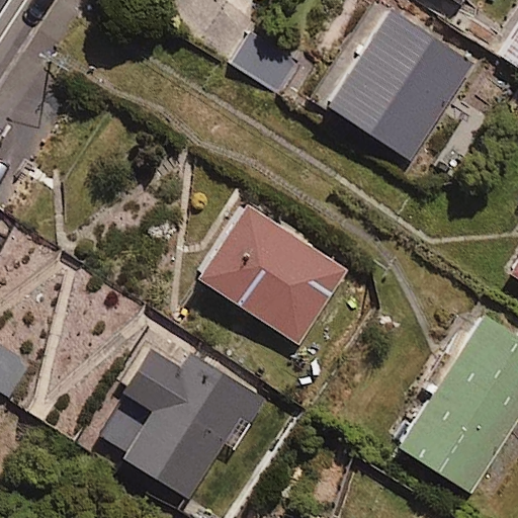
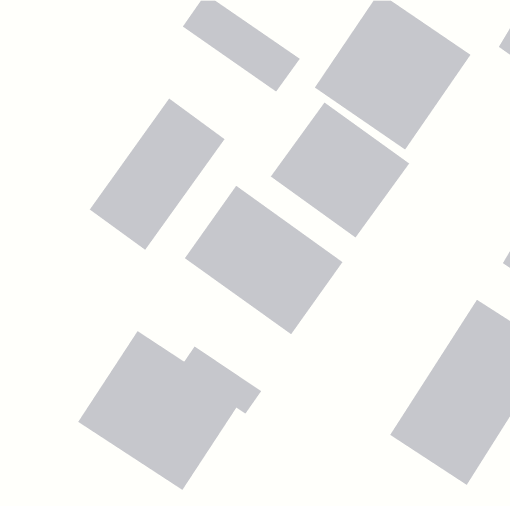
building: none -> [89,98,225,251]
building: none -> [270,101,410,239]

